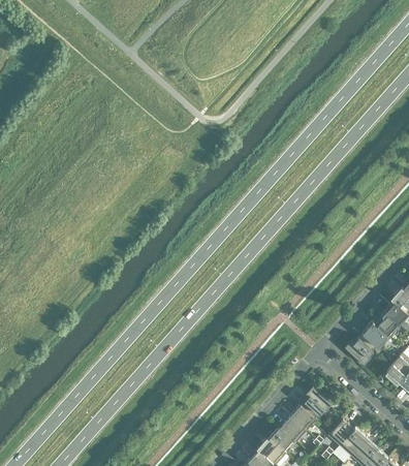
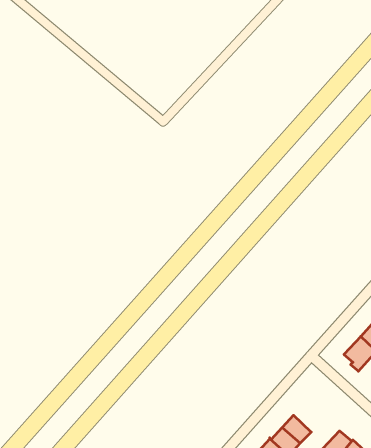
building: [300,389,332,421] -> none

